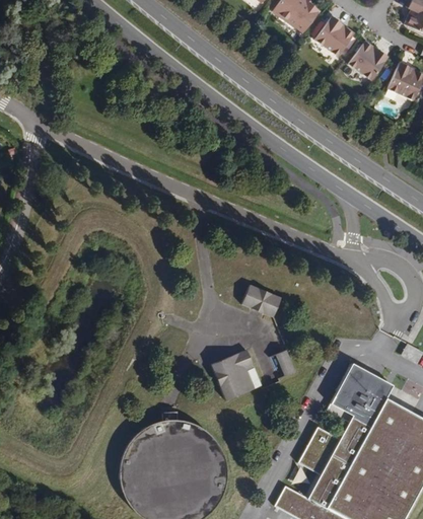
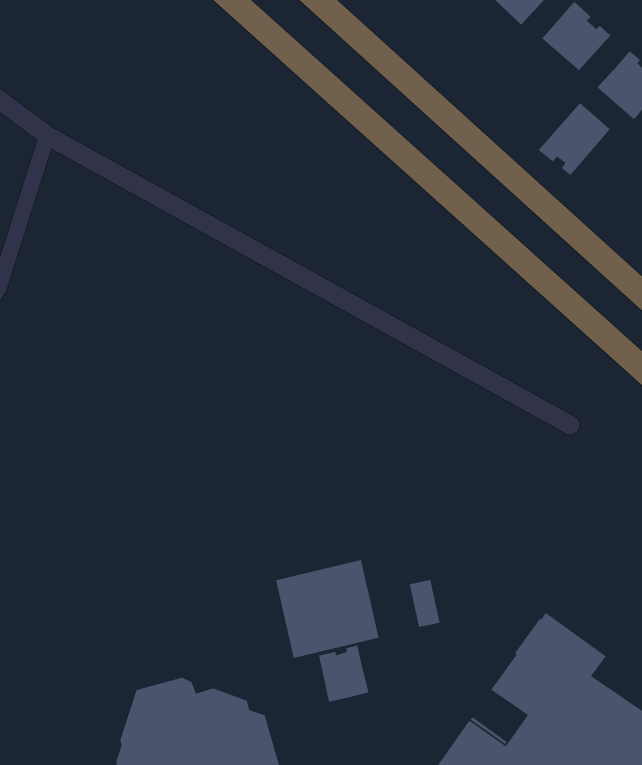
building: none -> [538,102,611,176]
building: [240,281,282,317] -> none
building: none -> [318,644,370,703]

